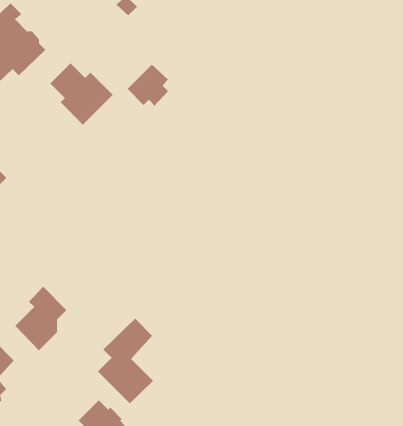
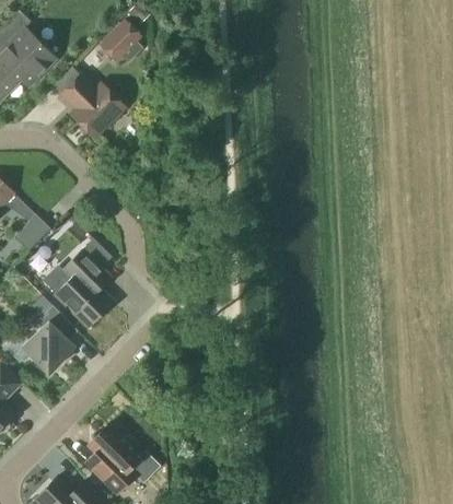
building: [127,64,169,107] -> [98,20,142,65]
building: none -> [15,213,50,251]
building: [97,318,154,404] -> [54,238,113,328]

